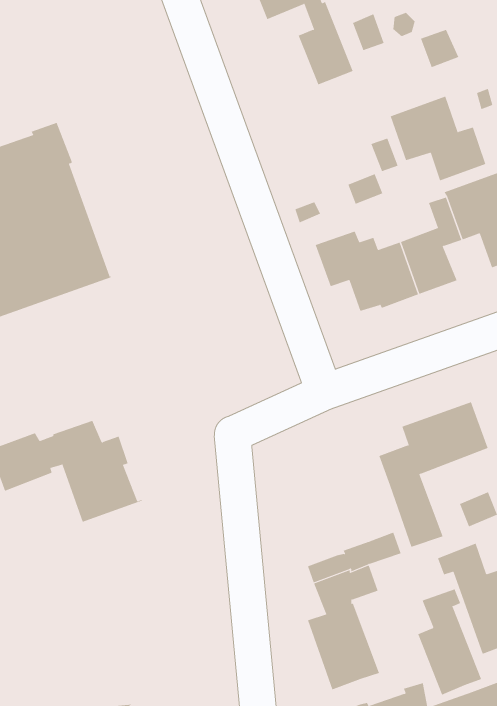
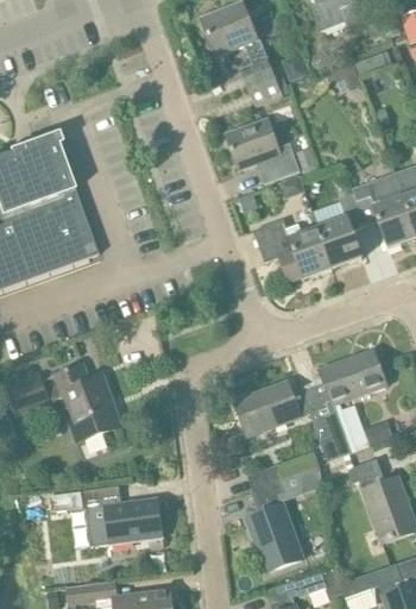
building: [390,96,486,181] -> [226,118,300,183]
building: none -> [234,379,310,435]
building: none -> [49,484,163,546]
building: [417,588,482,695] -> none

